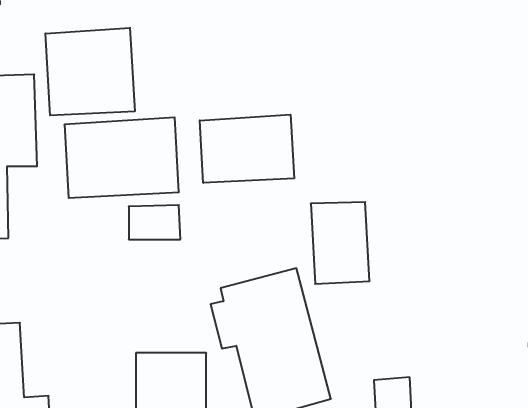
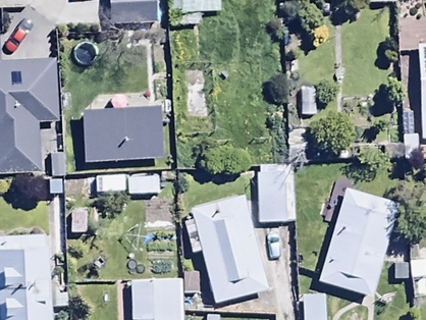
building: [45,28,135,115] -> none
building: [200,115,294,183] -> none
building: none -> [317,165,403,282]

